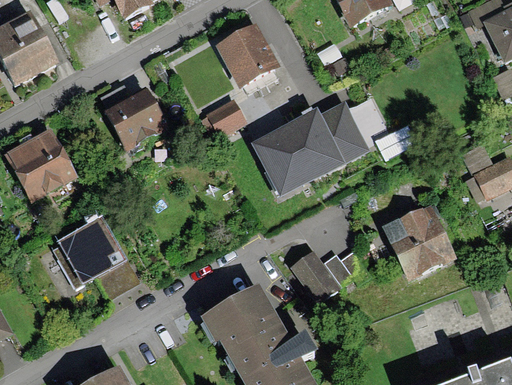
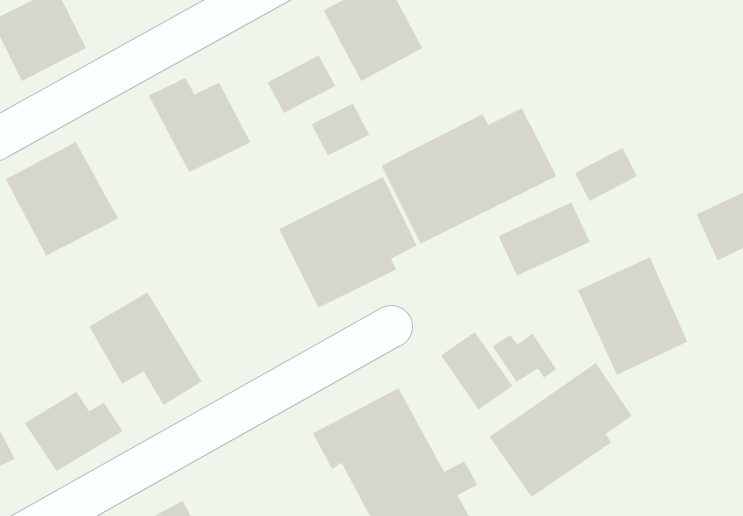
building: none -> [267,54,336,114]
building: none -> [278,176,417,308]
building: none -> [498,202,590,276]
building: none -> [489,362,633,498]
building: none -> [24,391,123,472]

